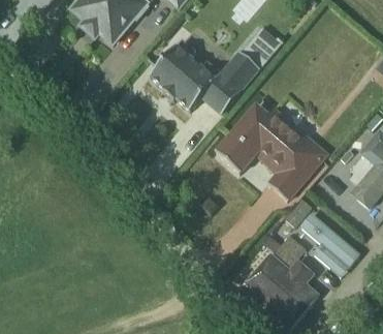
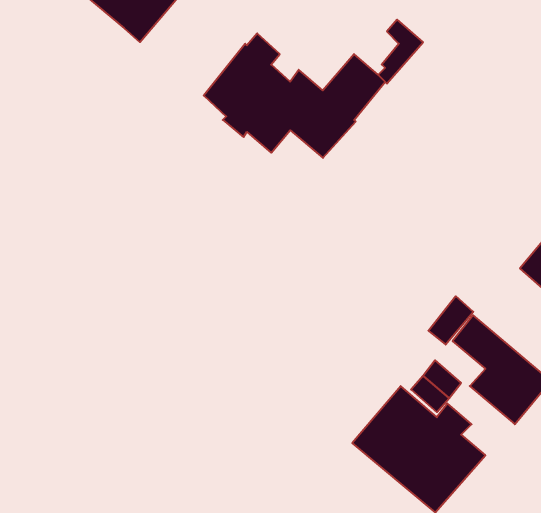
building: [216,104,326,200] -> none

